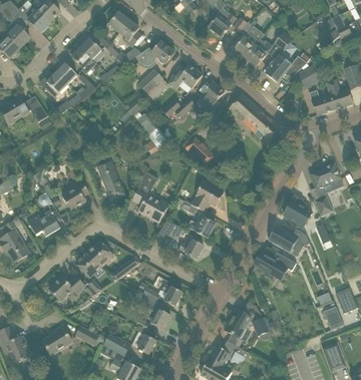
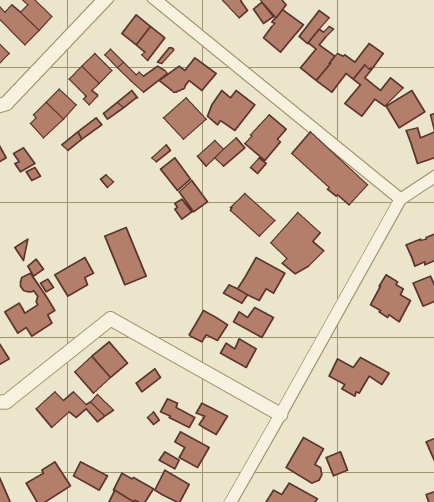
building: none -> [271,212,324,274]
building: [133,171,169,222] -> none
building: [269,226,310,252] -> none

